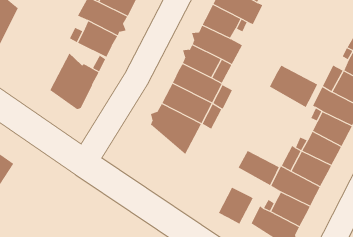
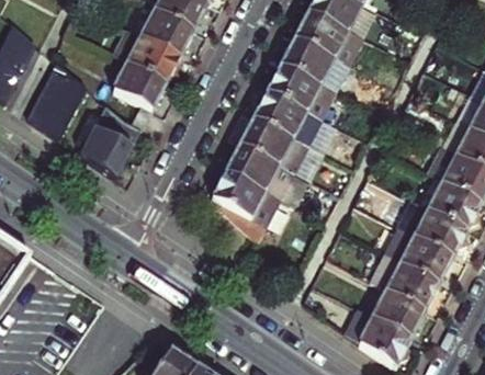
building: none -> [26,58,86,137]
building: [269,65,318,108] -> none
building: [238,150,280,186] -> none
building: [218,187,254,224] -> none

